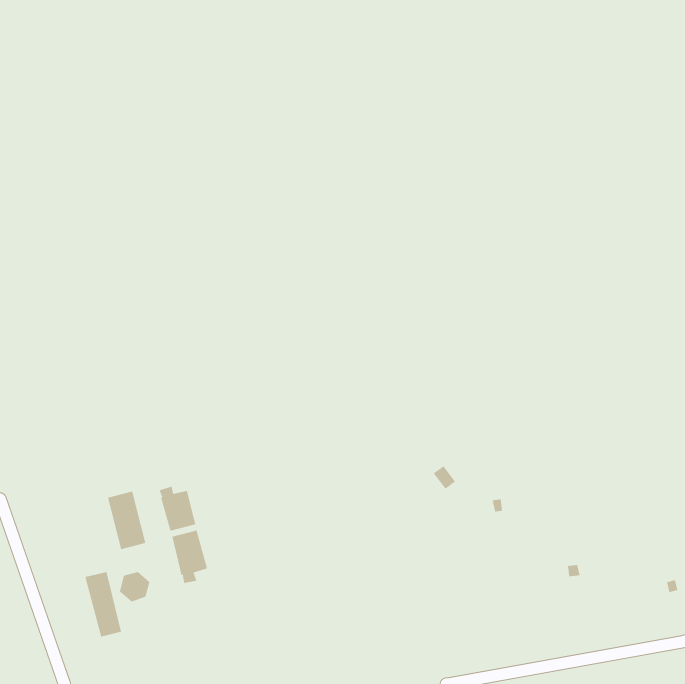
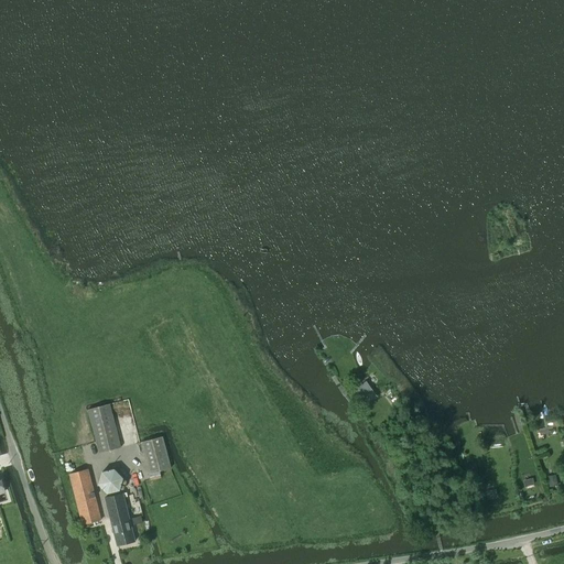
building: [159,486,196,532] -> none
building: none -> [105,492,142,544]

